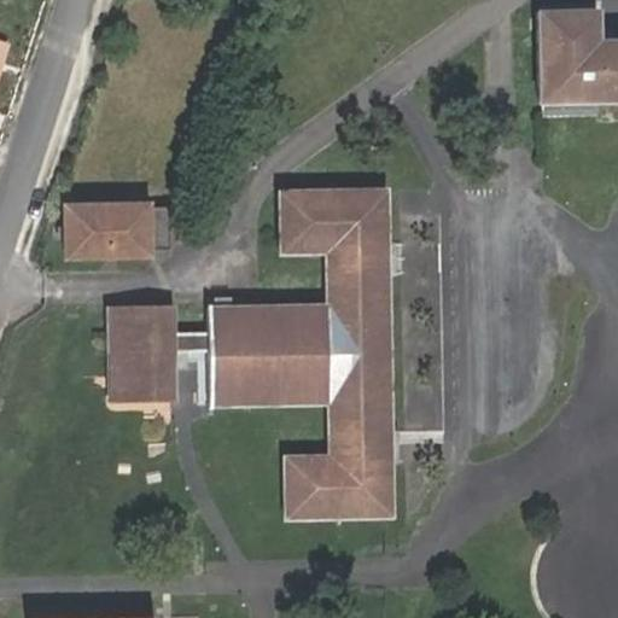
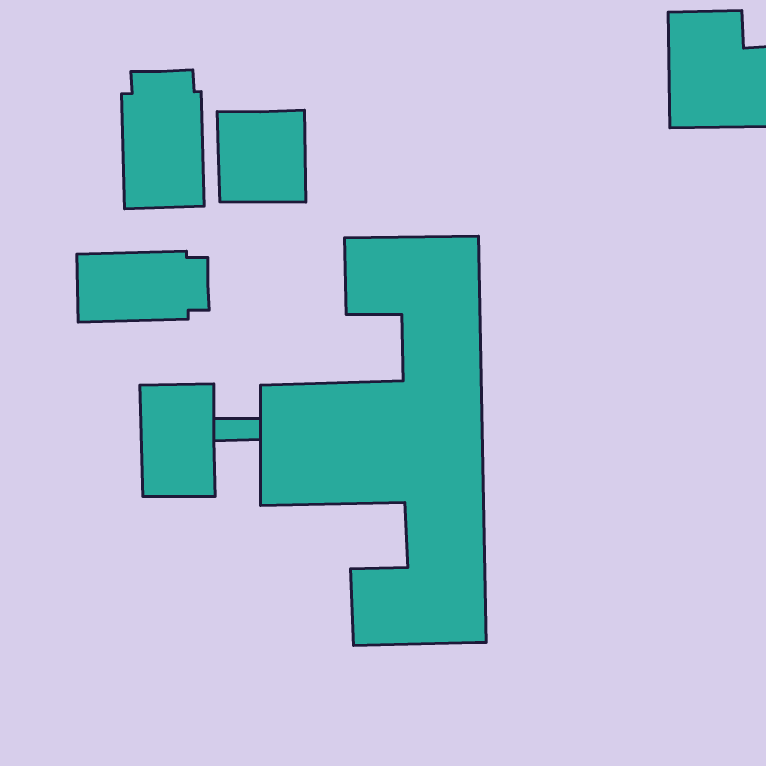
building: none -> [122,70,204,209]
building: none -> [217,110,306,202]

